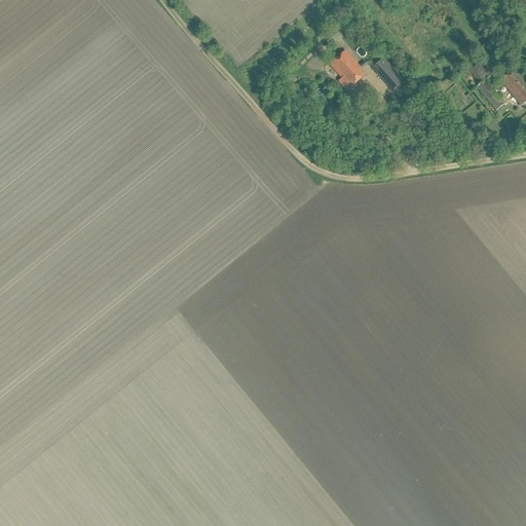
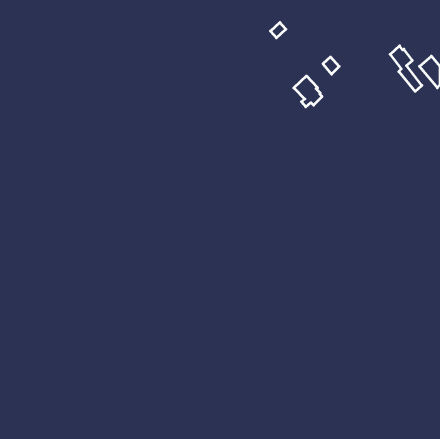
building: [330,50,364,87] -> [294,76,322,107]

